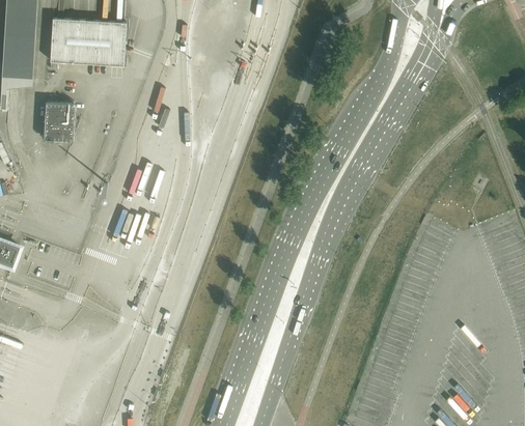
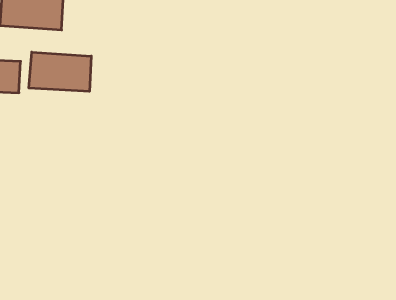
building: none -> [29,52,91,91]

